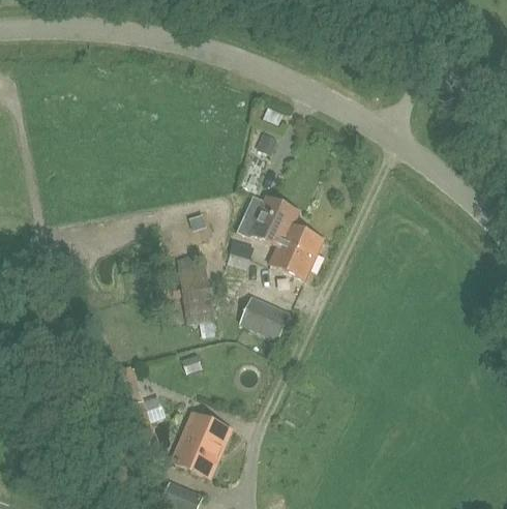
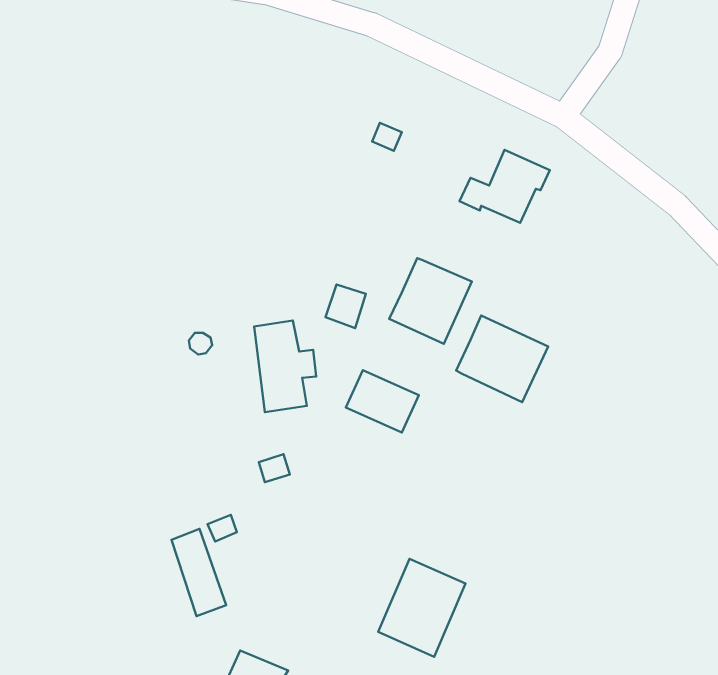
building: [236,196,296,244] -> [460,150,550,223]
building: none -> [456,316,548,402]
building: [172,411,230,476] -> [378,559,465,657]

